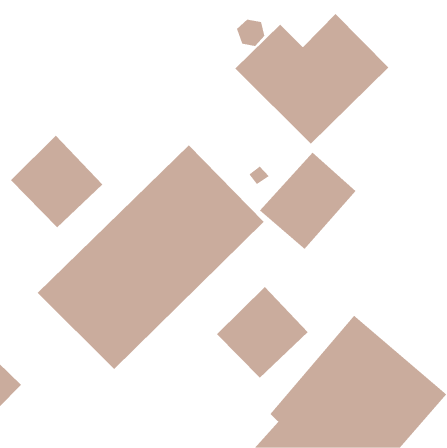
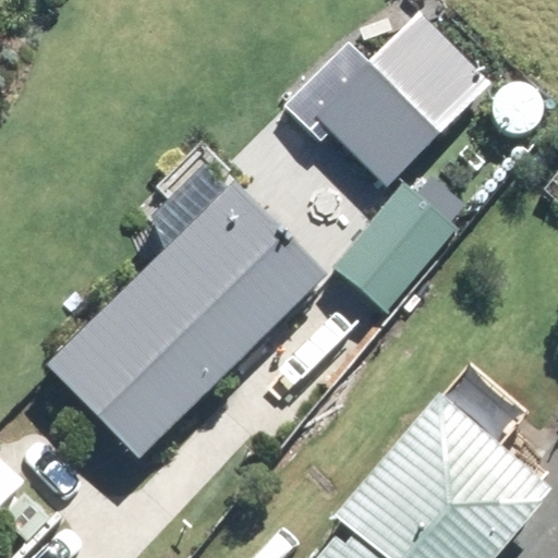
building: [10,135,103,228] -> none
building: [216,286,308,378] -> none

